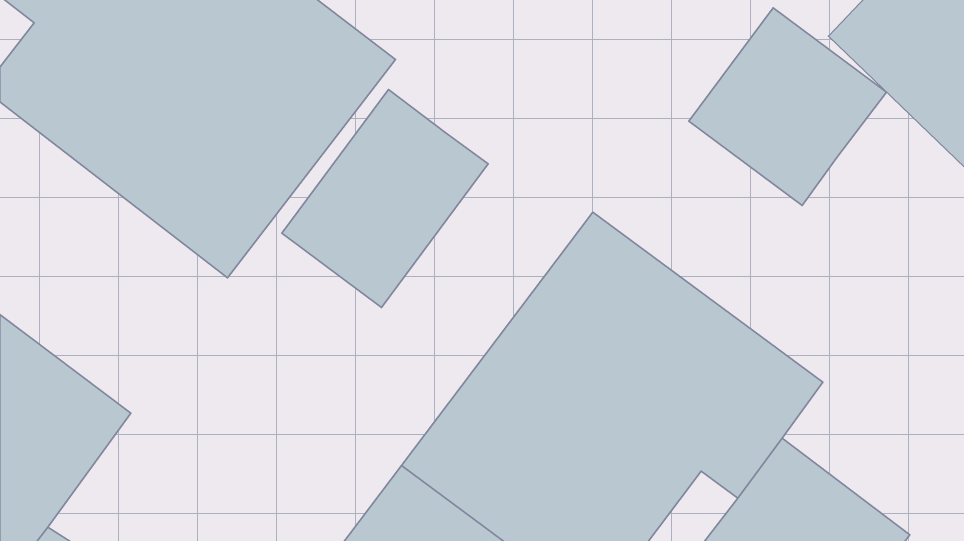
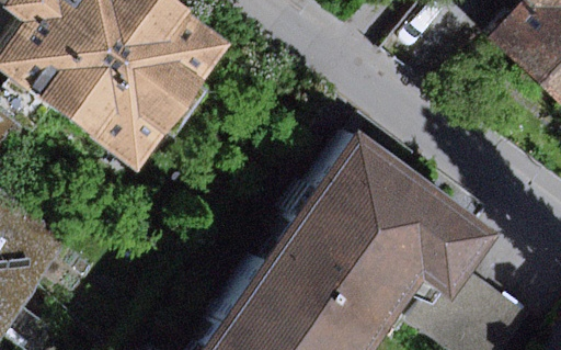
building: [689,8,887,205] -> none
building: [282,89,488,307] -> none

